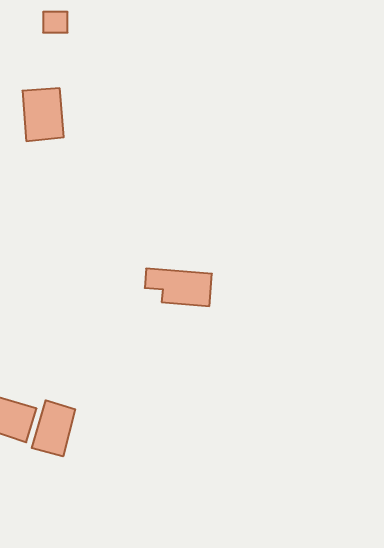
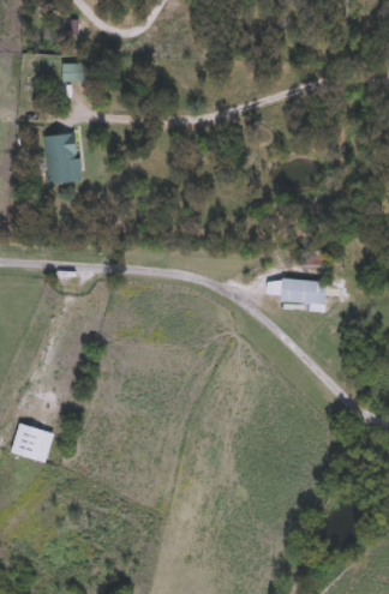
building: [145,269,212,306] -> [265,277,328,312]
building: [32,400,75,456] -> none

